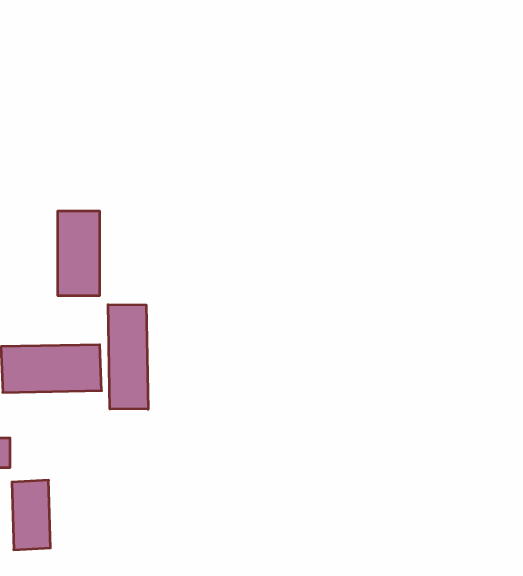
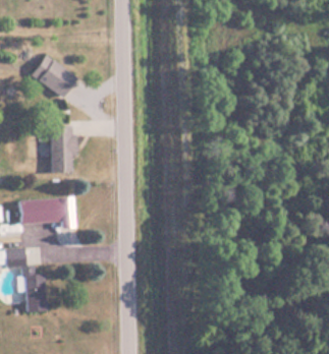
building: none -> [31,54,76,98]
building: [108,305,148,409] -> none

